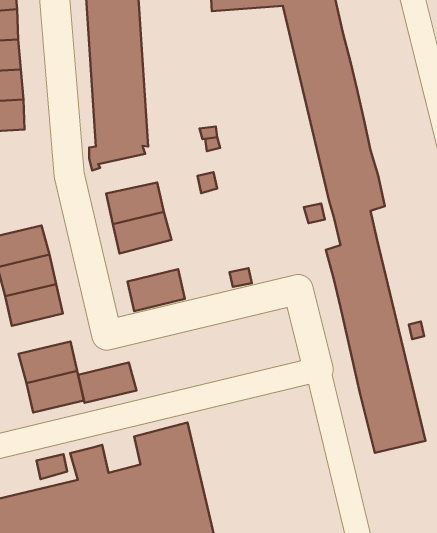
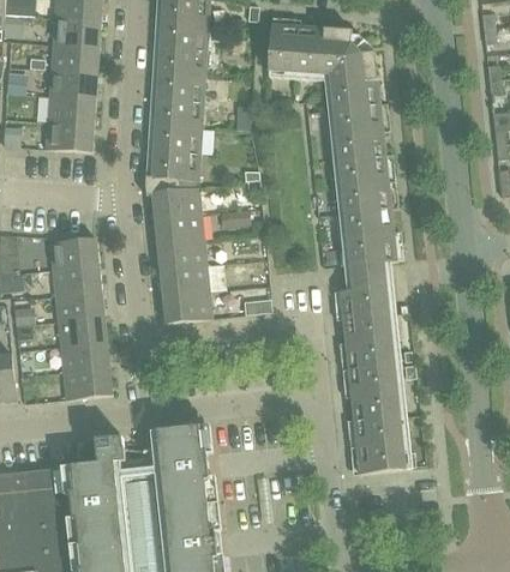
building: none -> [151,187,200,217]
building: none -> [160,265,209,296]
building: [78,362,137,403] -> [58,317,107,347]

